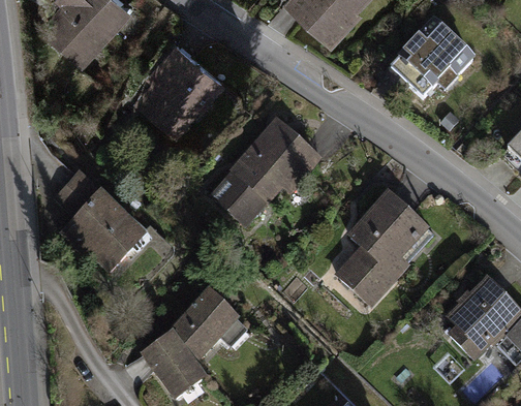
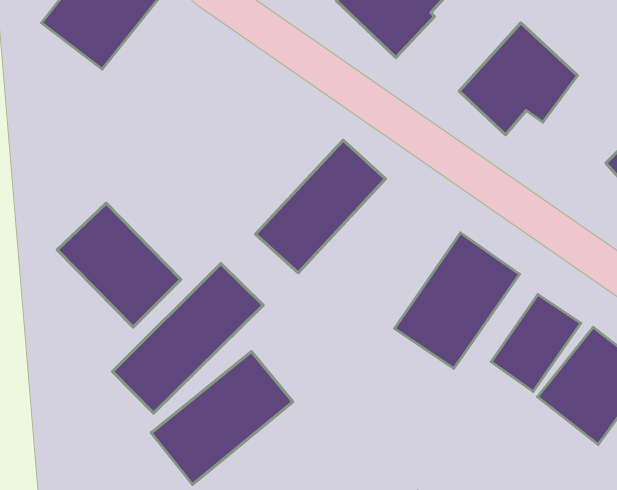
building: [134,43,226,137] -> none
building: none -> [112,263,263,413]
building: none -> [491,295,581,392]

